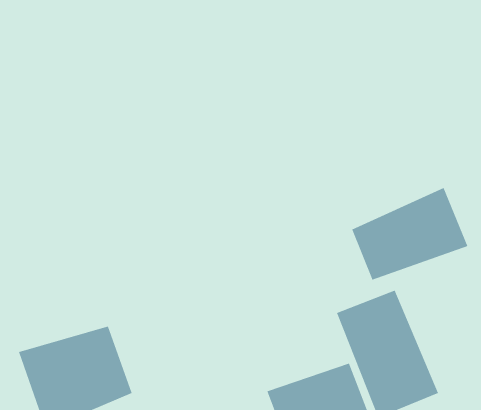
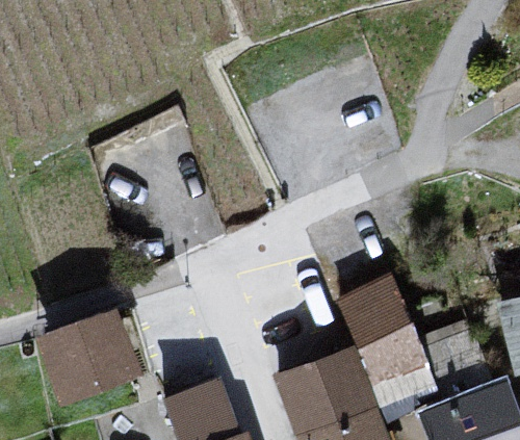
building: [352,187,468,280] -> none

